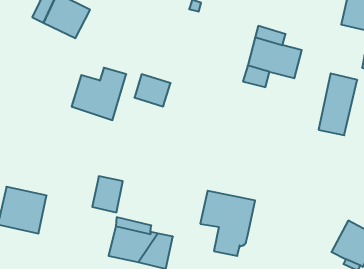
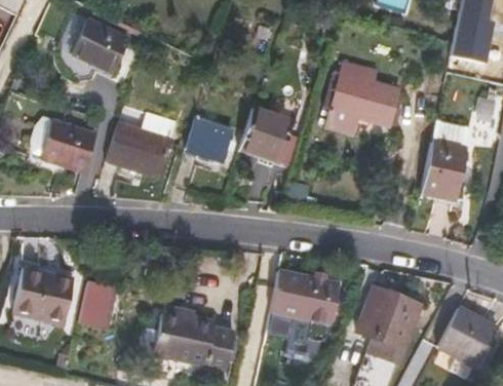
building: none -> [239,107,293,164]
building: none -> [31,118,96,173]
building: [92,176,123,212] -> [79,281,118,327]
building: none -> [357,286,421,363]

